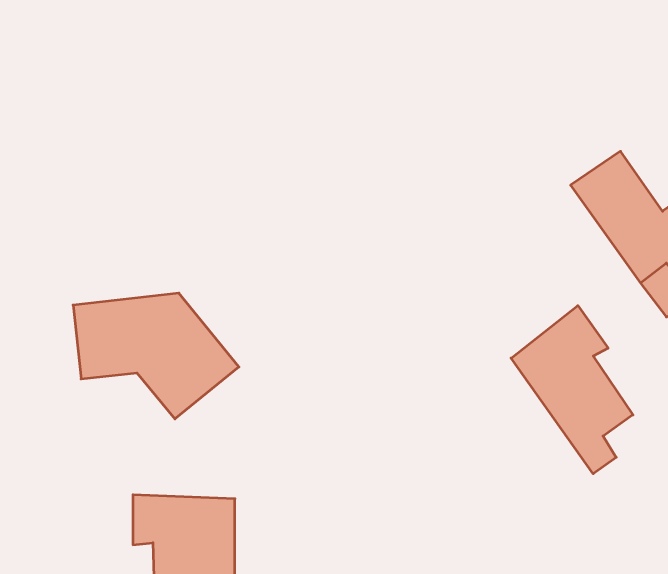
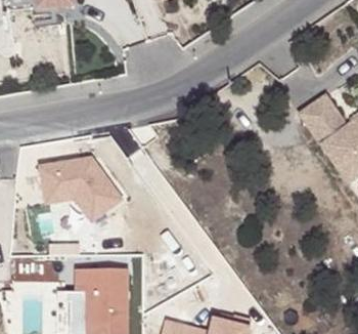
building: [511,306,633,474] -> none

